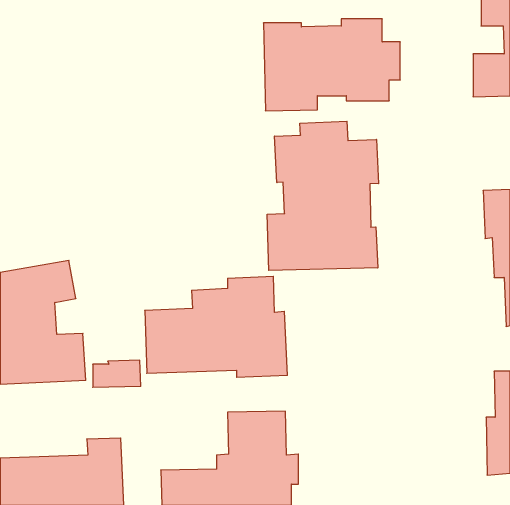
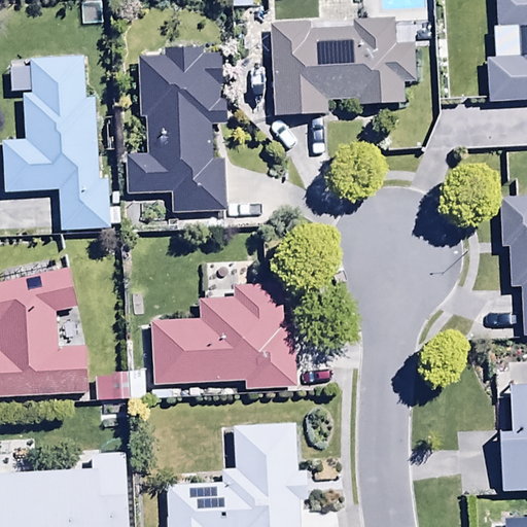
building: none -> [128,45,230,213]
building: none -> [4,58,111,229]
building: [267,121,379,270] -> none

